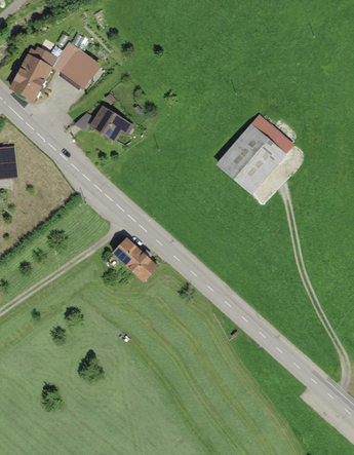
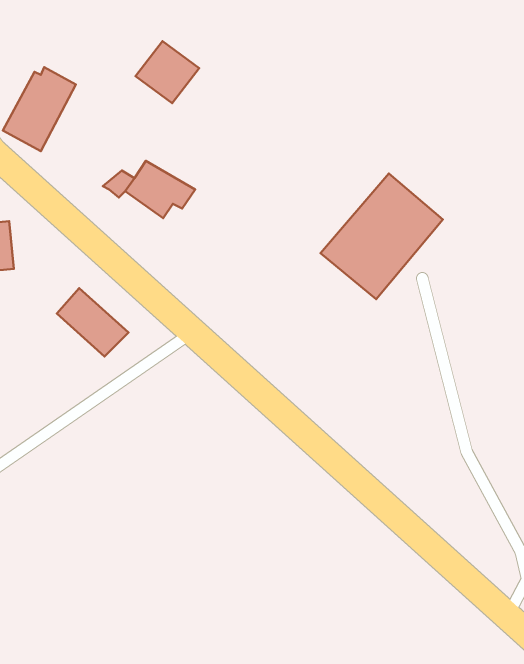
building: [62,48,103,88] -> [136,41,199,103]
building: [113,237,159,281] -> [57,288,128,356]

